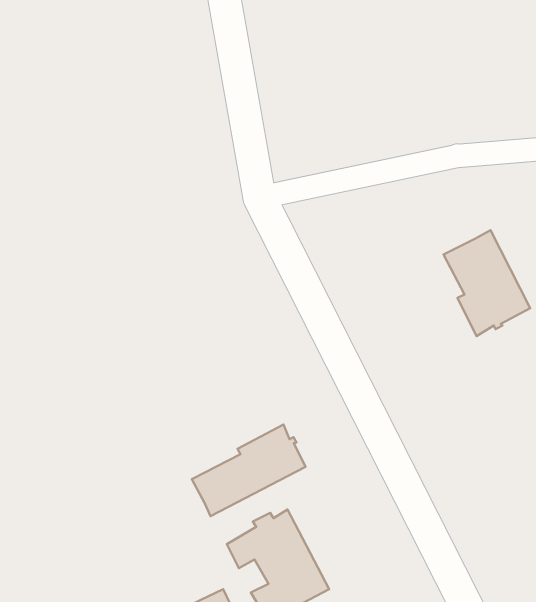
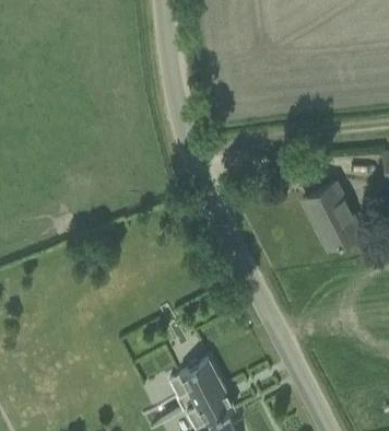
building: [192,424,305,516] -> none

